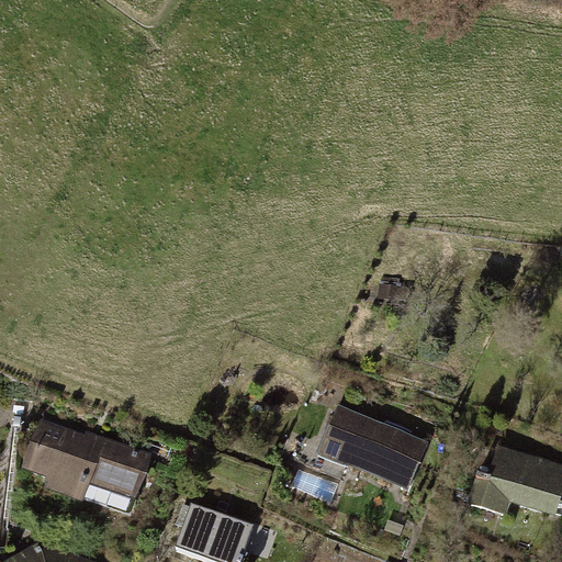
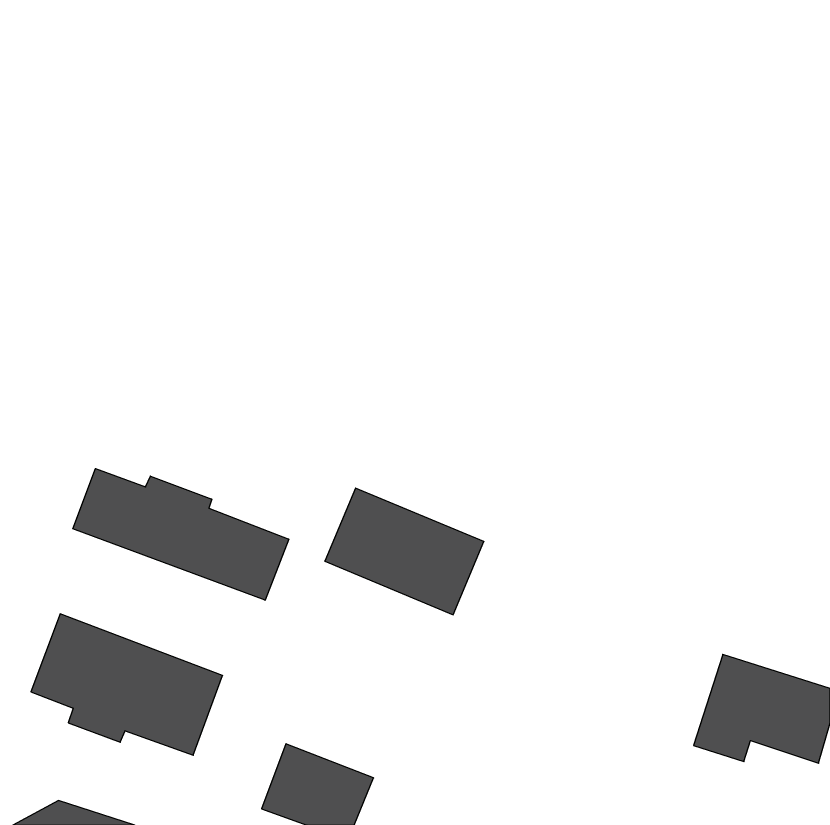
building: none -> [73,469,289,600]
building: [318,406,426,492] -> [325,488,484,615]

